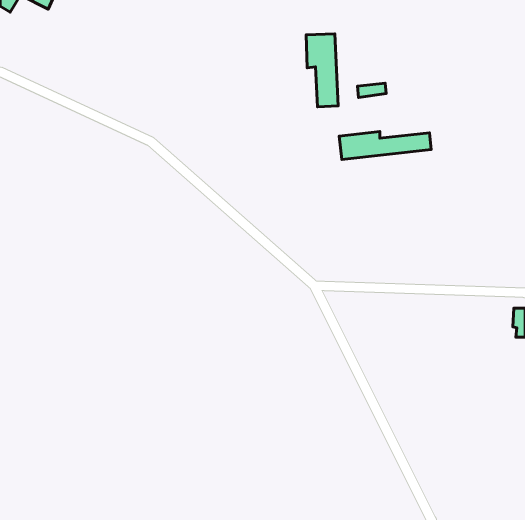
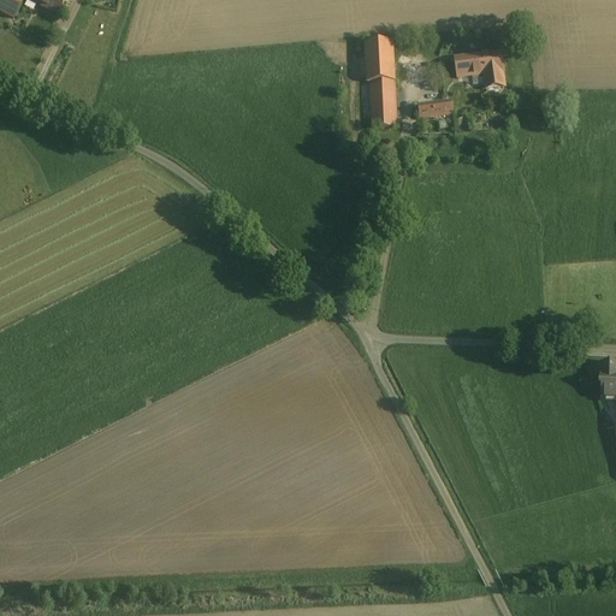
building: none -> [455,48,507,87]
building: [339,131,431,159] -> none

